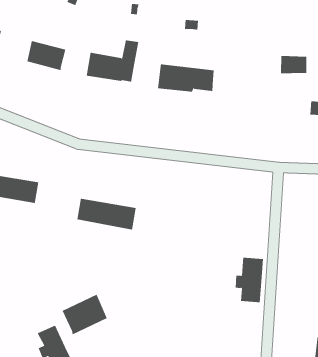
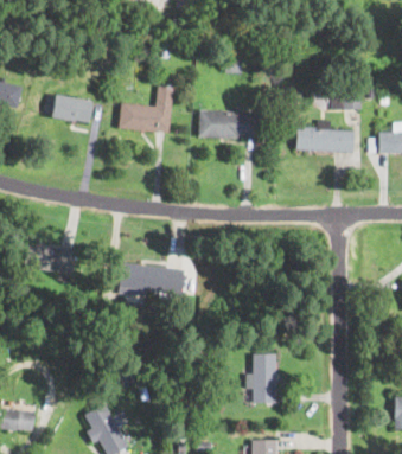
building: none -> [294,121,355,153]
building: [235,257,264,303] -> [245,354,275,403]
building: [62,294,108,335] -> none

